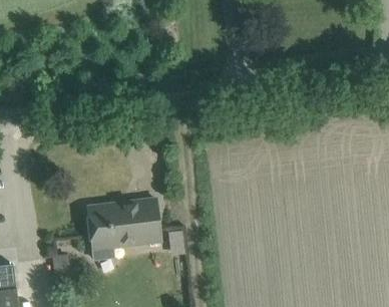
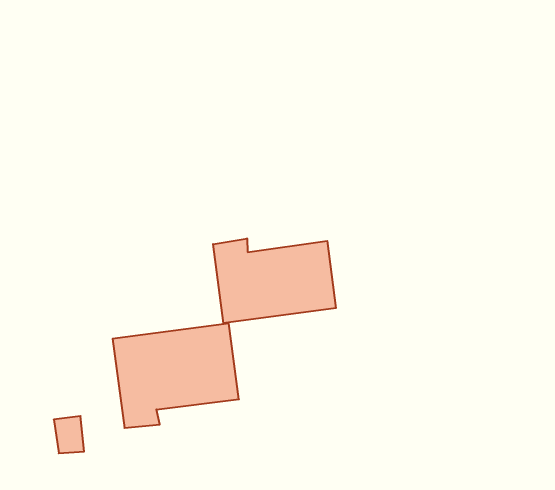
building: none -> [213,238,336,323]

